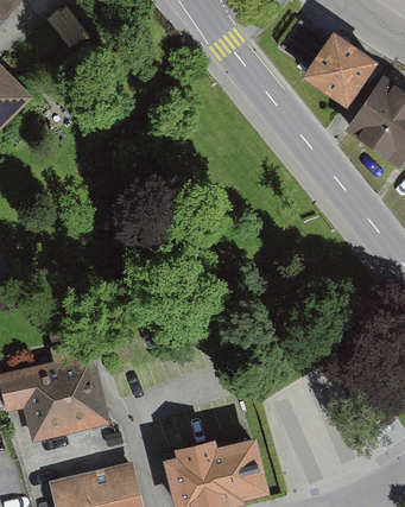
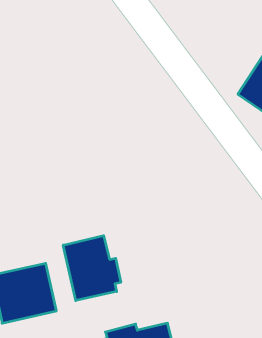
building: [309,40,372,104] -> none
building: none -> [63,236,121,301]

